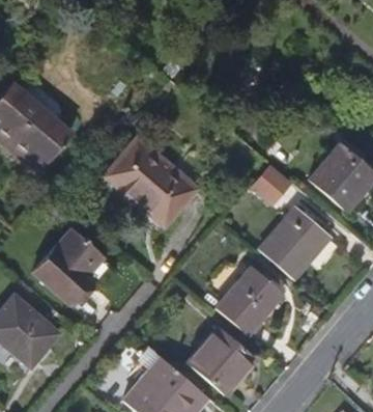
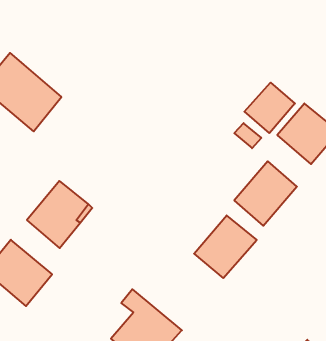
building: none -> [244,83,295,133]
building: [109,140,198,225] -> none
building: [190,330,256,395] -> none

